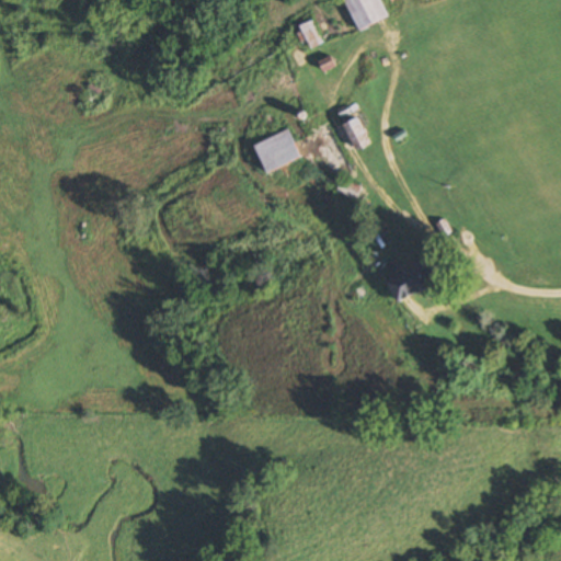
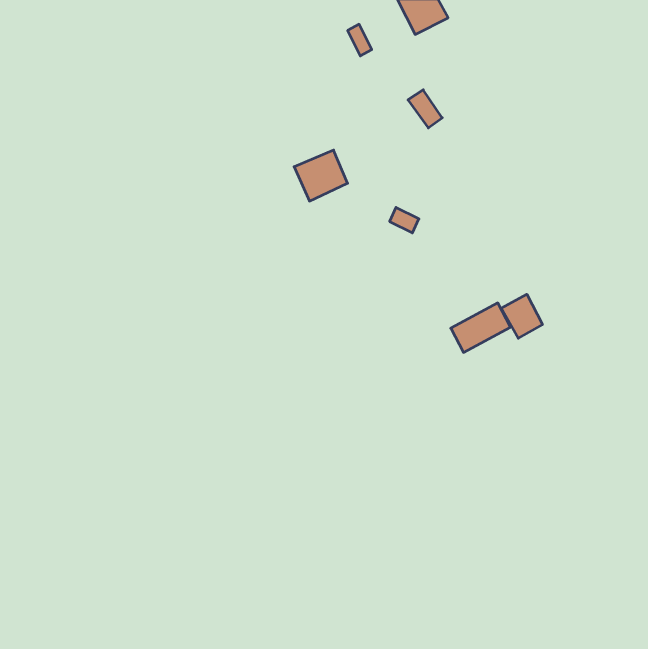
building: [342,117,371,150] -> [408,90,442,128]
building: none -> [501,294,542,338]

